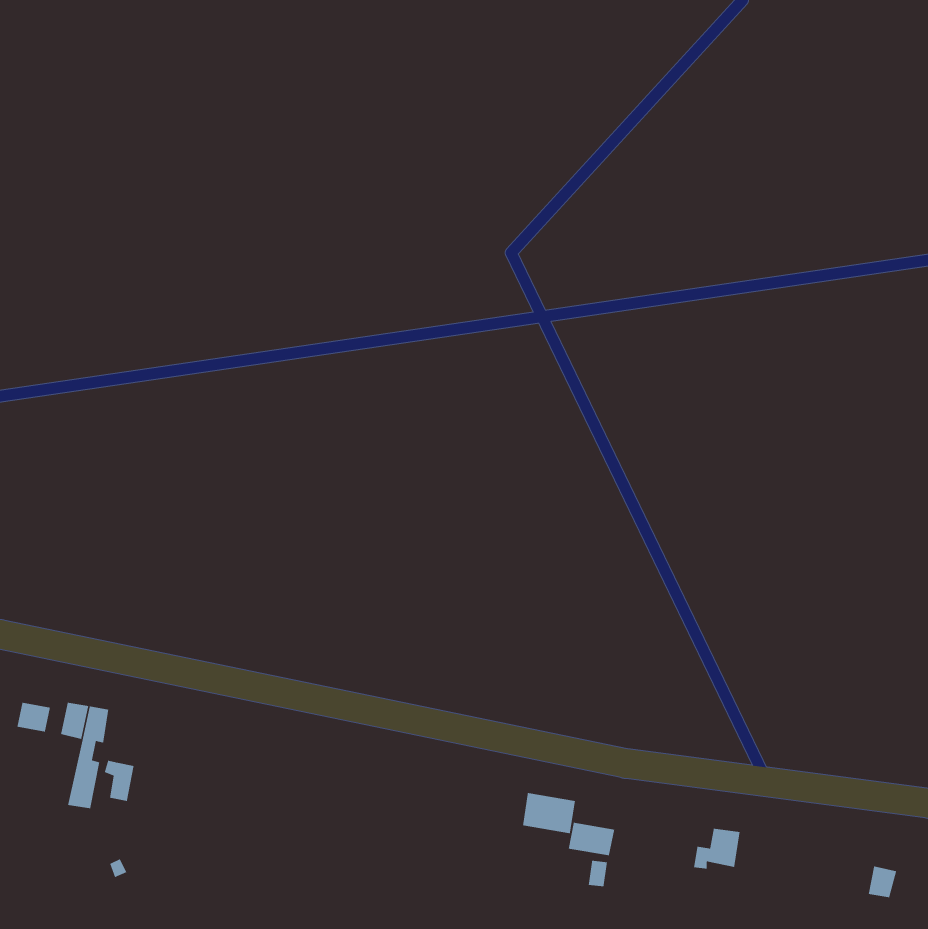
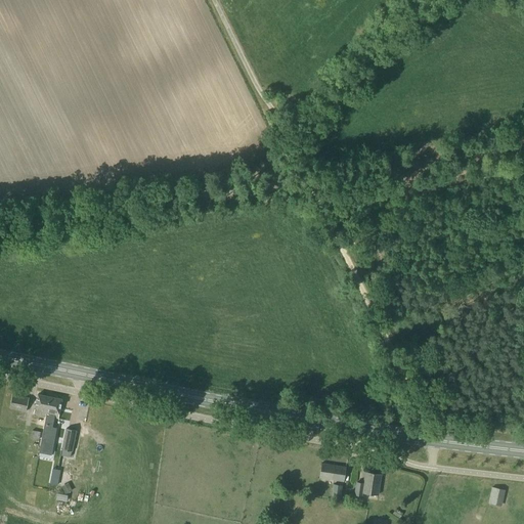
building: [522,792,576,834] -> none
building: [693,828,740,870] -> [355,473,382,496]

